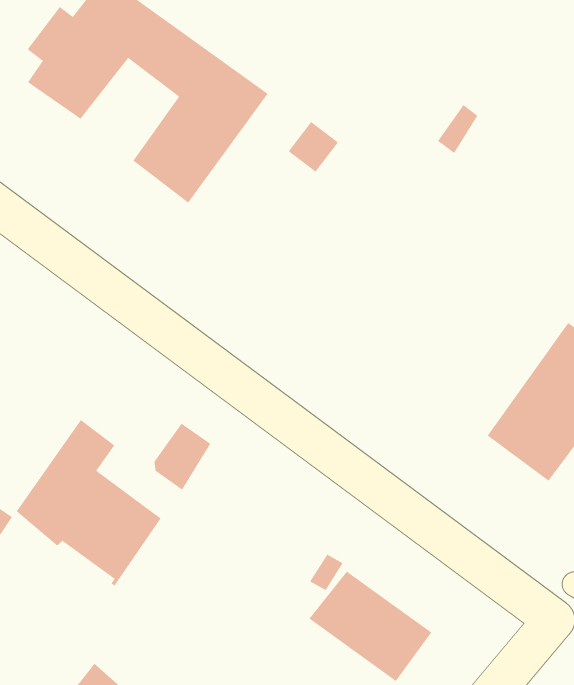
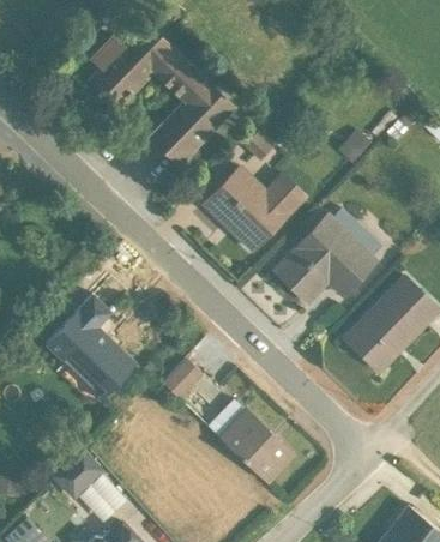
building: none -> [201,163,307,252]
building: none -> [271,209,381,307]
building: [153,423,211,490] -> [165,359,203,401]

